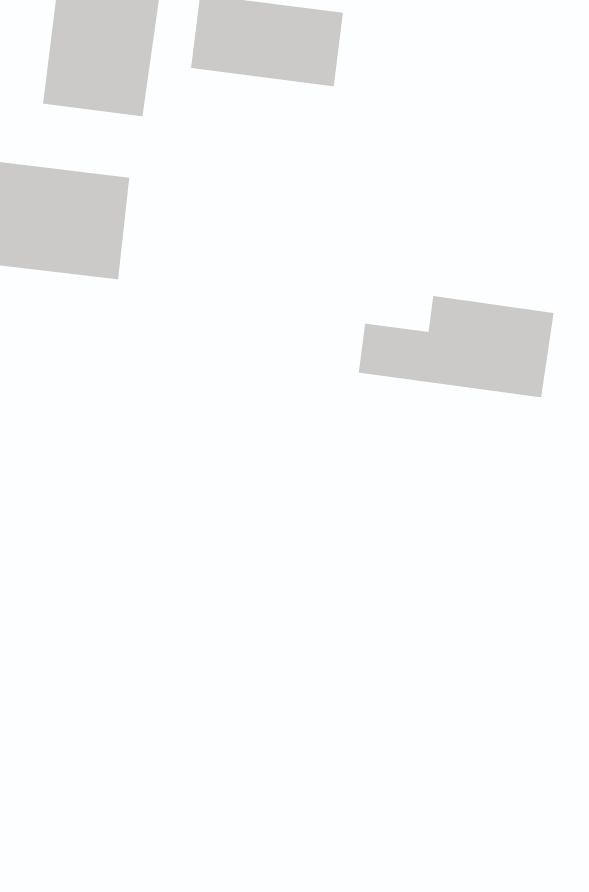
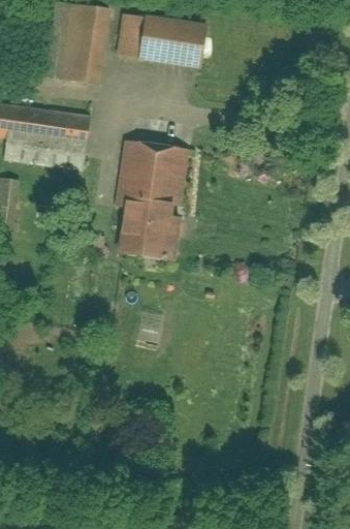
building: none -> [110,139,183,259]
building: [358,295,555,398] -> none

